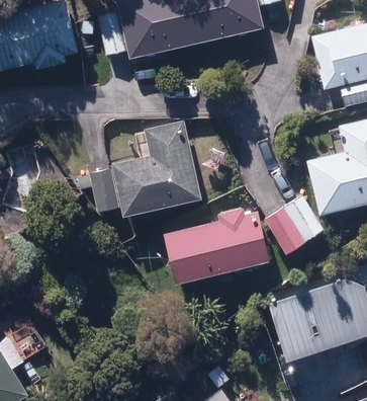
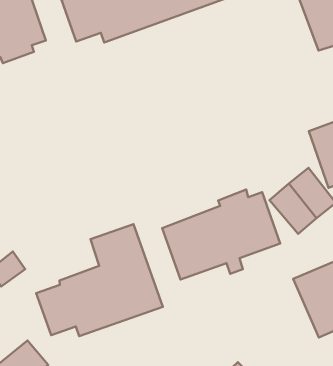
building: [89,122,202,218] -> [36,224,163,336]

